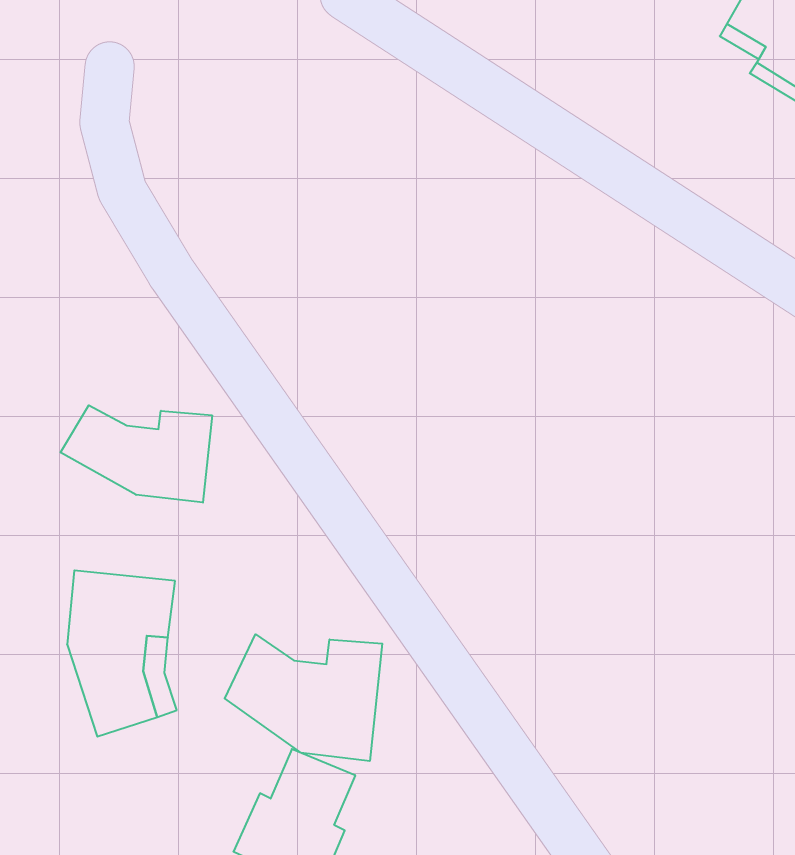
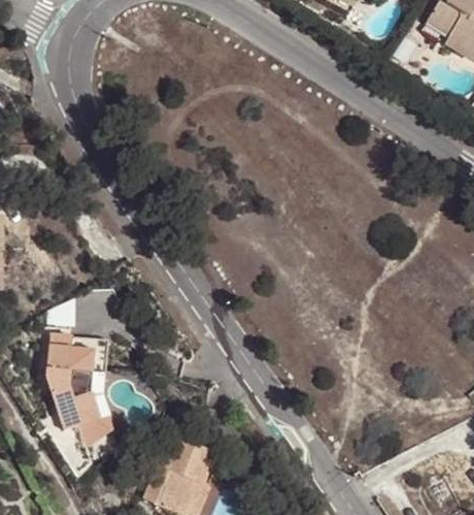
building: [61,405,212,503] -> none
building: [225,634,382,761] -> none

